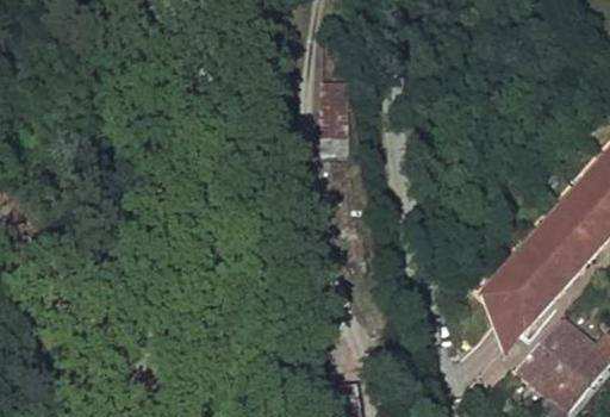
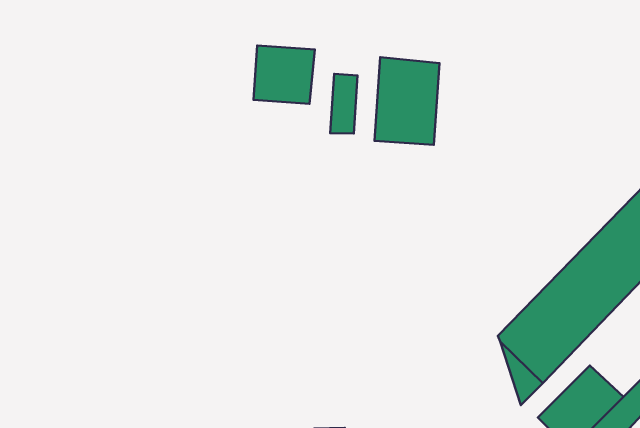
building: none -> [254,46,315,104]
building: none -> [375,57,439,145]

